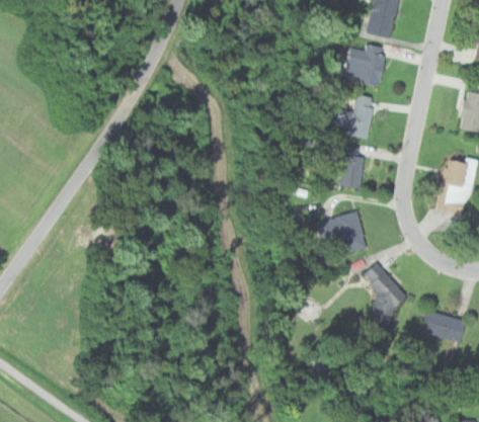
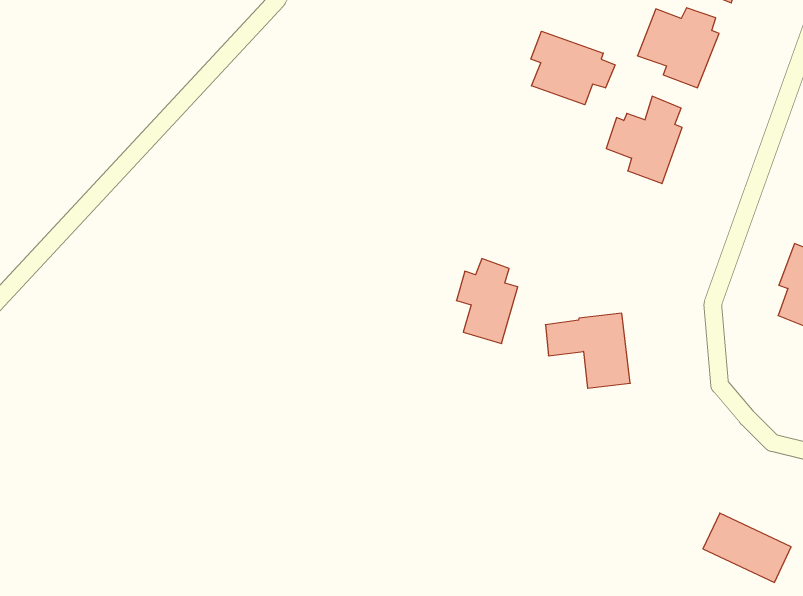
building: none -> [531,31,615,105]
building: [334,146,366,189] -> [456,259,518,344]
building: [361,261,403,339] -> none

